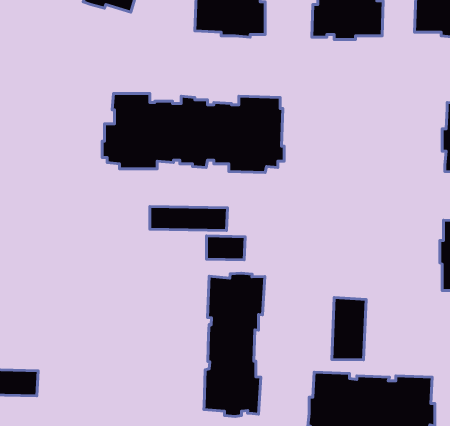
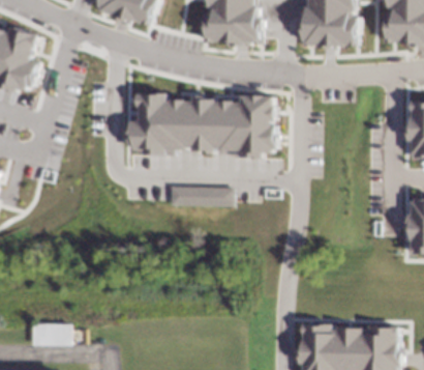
building: [206,236,245,260] -> none
building: [204,273,265,416] -> none
building: [332,297,366,360] -> none

